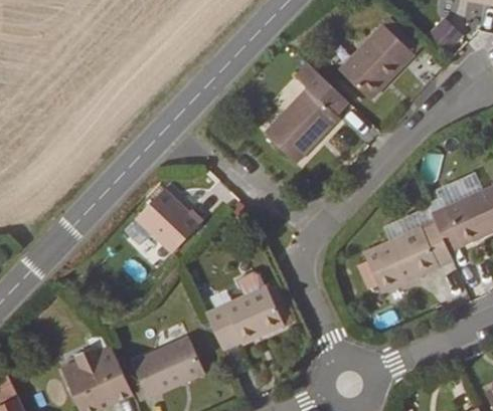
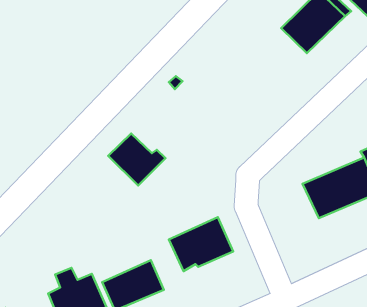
building: [263,63,349,161] -> none

